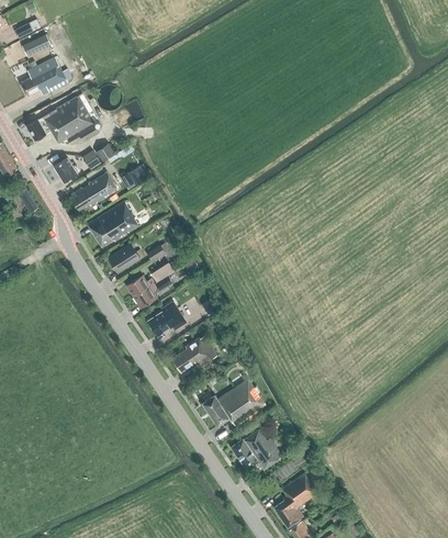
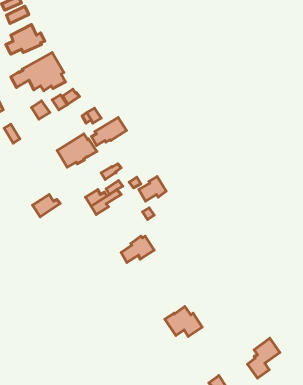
building: [71,171,117,209] -> [92,117,126,146]
building: [108,243,144,272] -> [33,194,60,217]
building: [148,302,184,335] -> [139,176,166,201]
building: [201,379,264,425] -> none
building: [272,473,315,526] -> [248,338,280,378]

